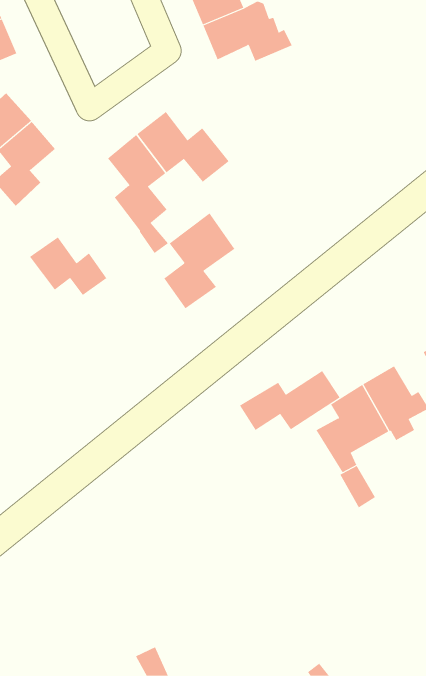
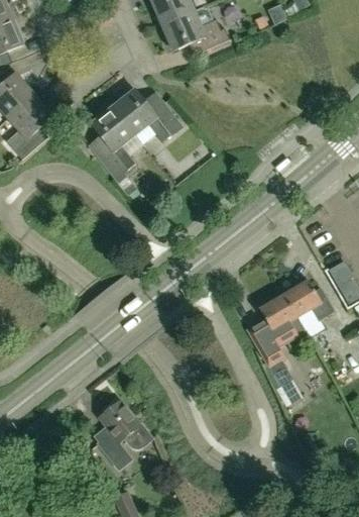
building: [163,212,235,309] -> none
building: [29,236,107,296] -> none
building: [239,370,340,431] -> none
building: none -> [94,400,153,461]

